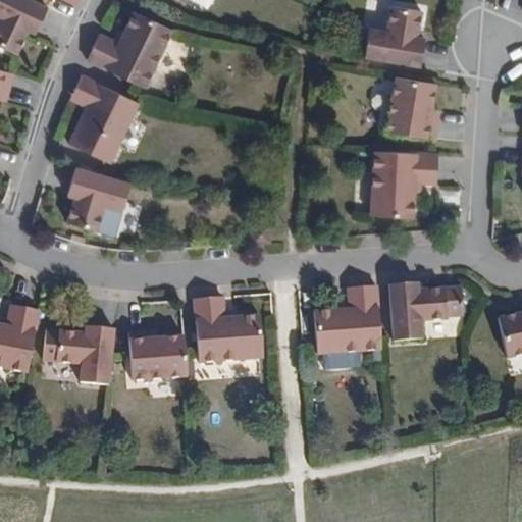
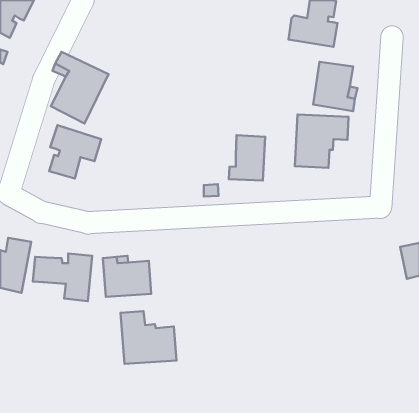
building: [91,20,173,96] -> none
building: none -> [229,135,265,180]
building: [313,283,382,354] -> none
building: [393,291,468,349] -> none
building: [195,295,264,360] -> [120,311,176,364]

